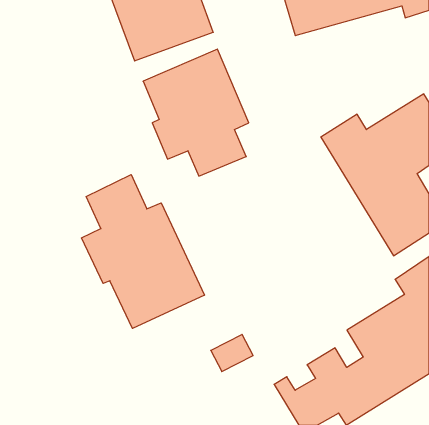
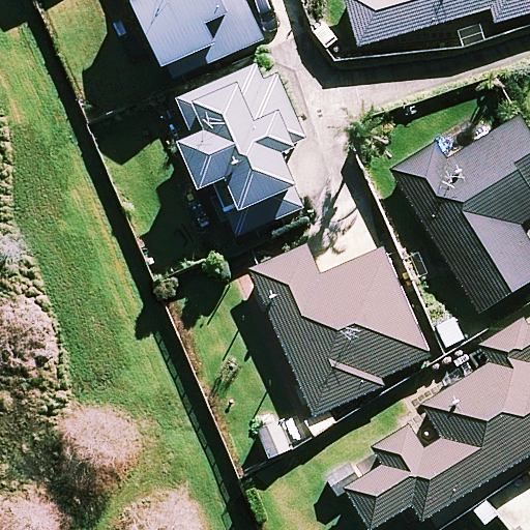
building: [82,175,204,328] -> none
building: none -> [229,242,432,414]

